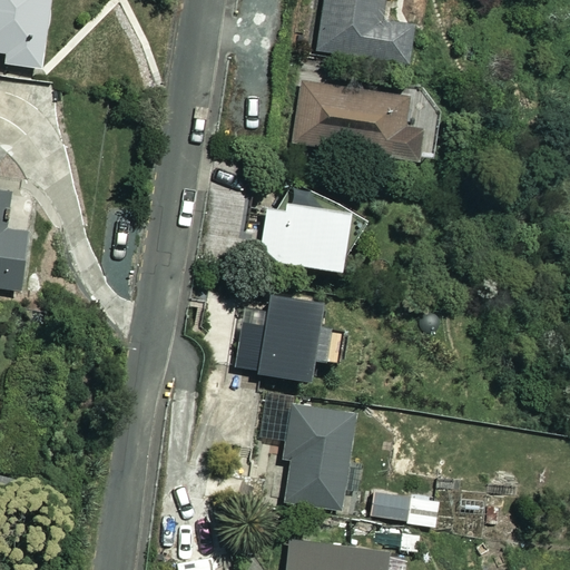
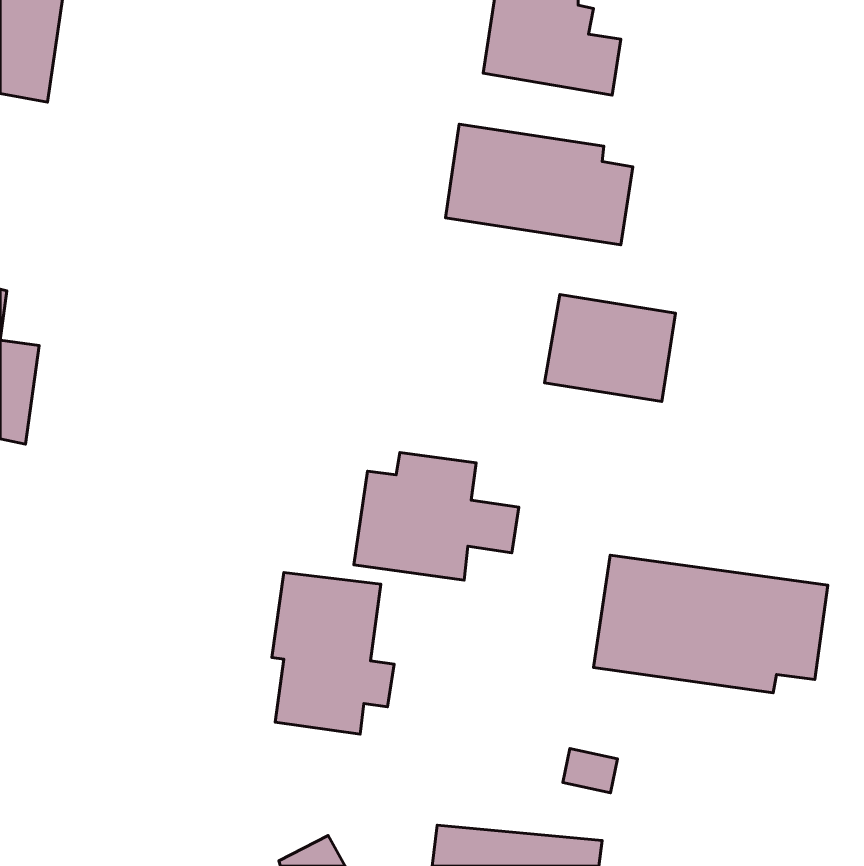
building: [255,200,341,271] -> [544,294,675,402]
building: none -> [594,555,828,693]
building: [284,402,364,508] -> [272,572,394,734]

